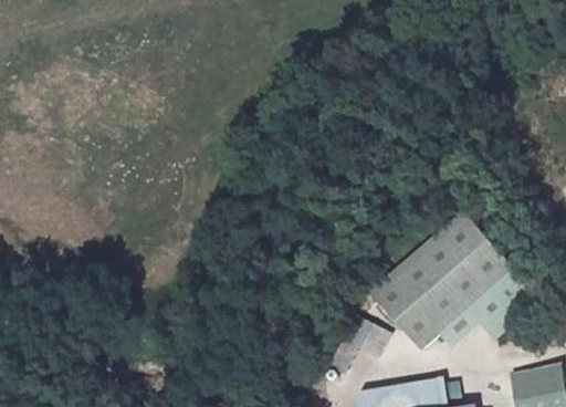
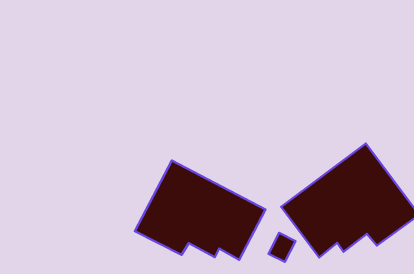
building: none -> [135,161,266,260]

